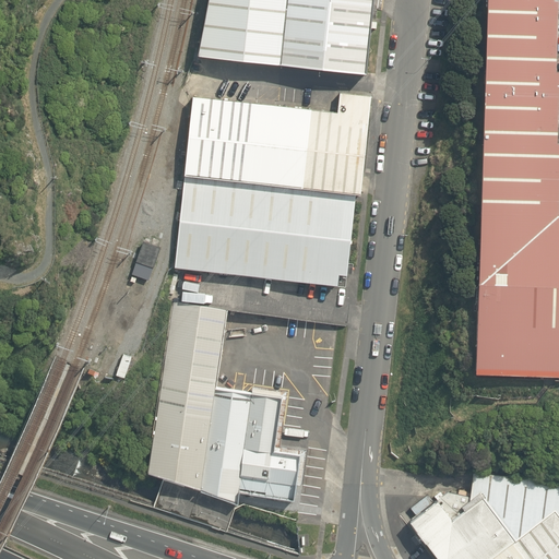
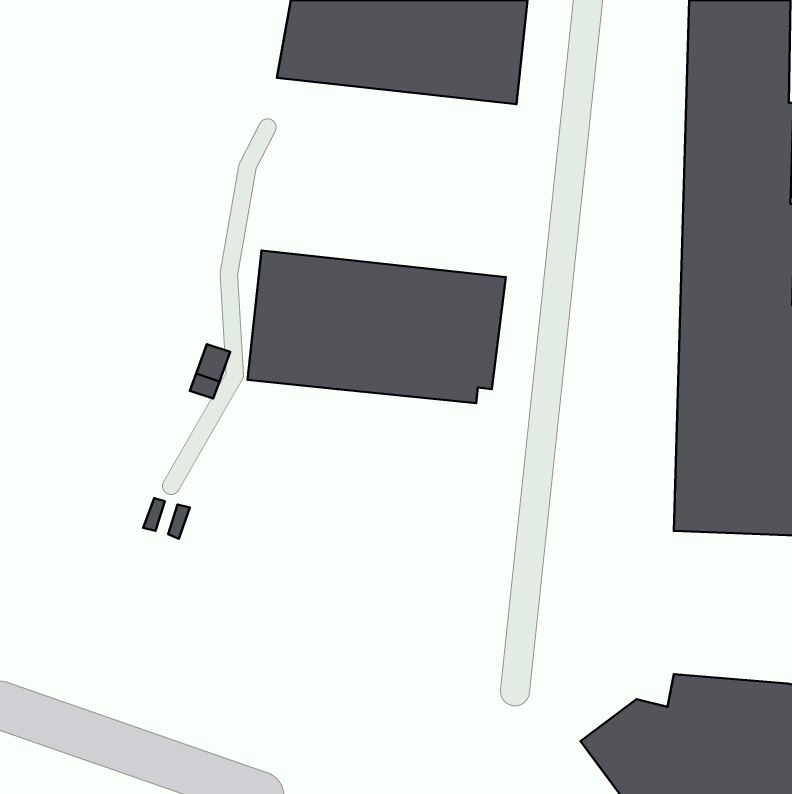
building: [183,93,371,195] -> none
building: [146,302,307,503] -> none

